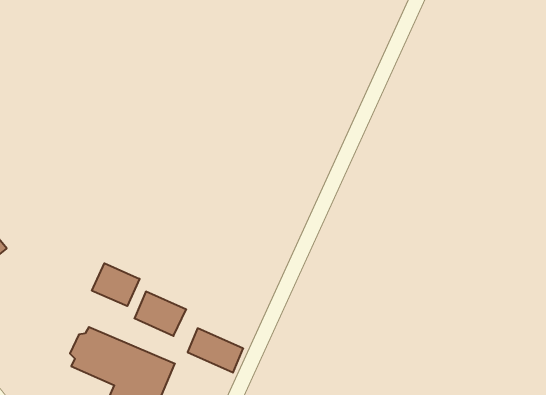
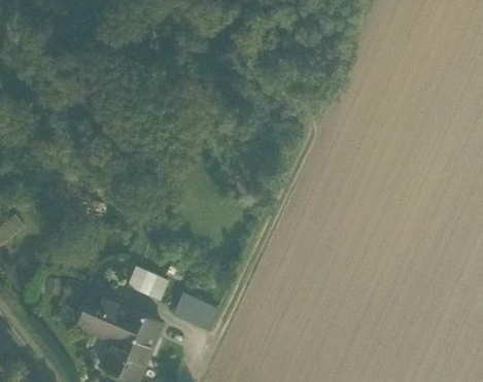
building: [92,263,140,306] -> none

